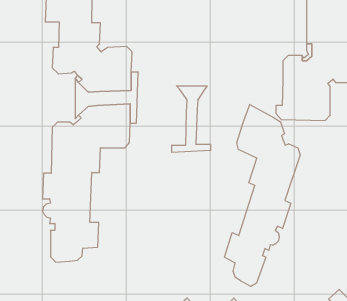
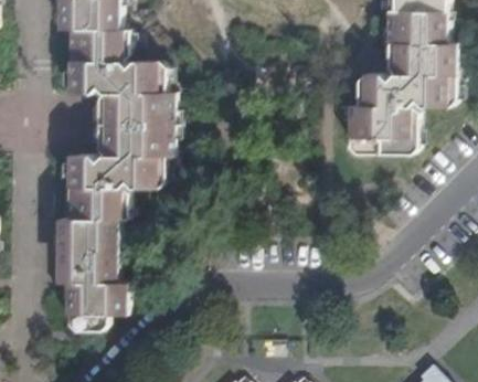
building: [172,86,210,152] -> none
building: [224,104,300,286] -> none

